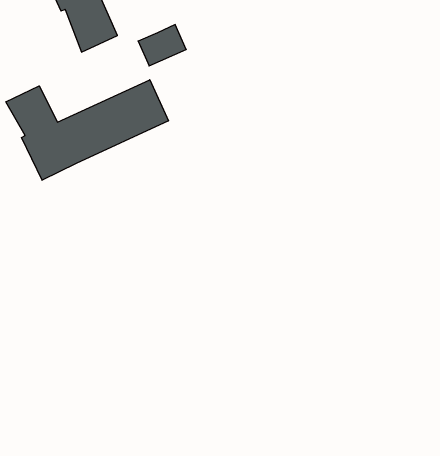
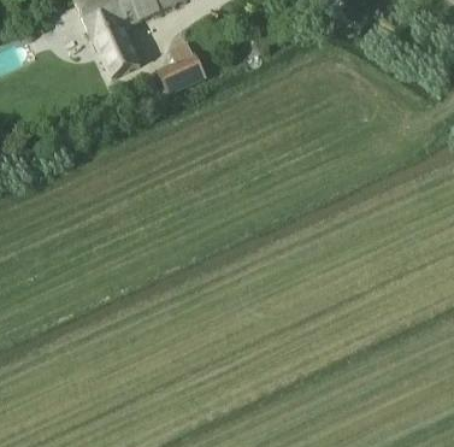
building: [6,80,168,180] -> none

